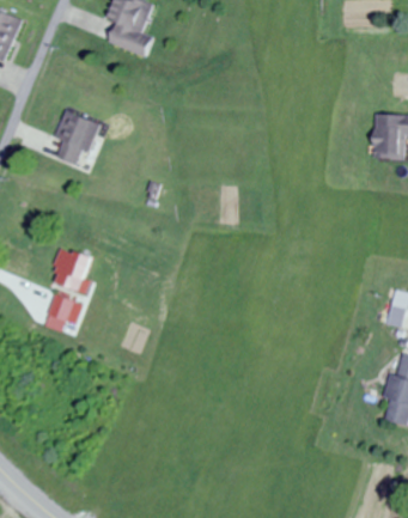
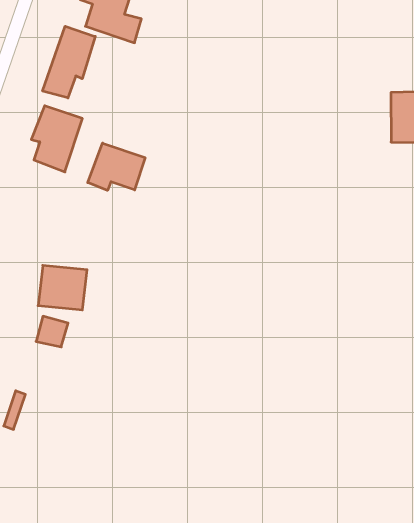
building: none -> [43,26,95,98]
building: none -> [88,143,145,190]

